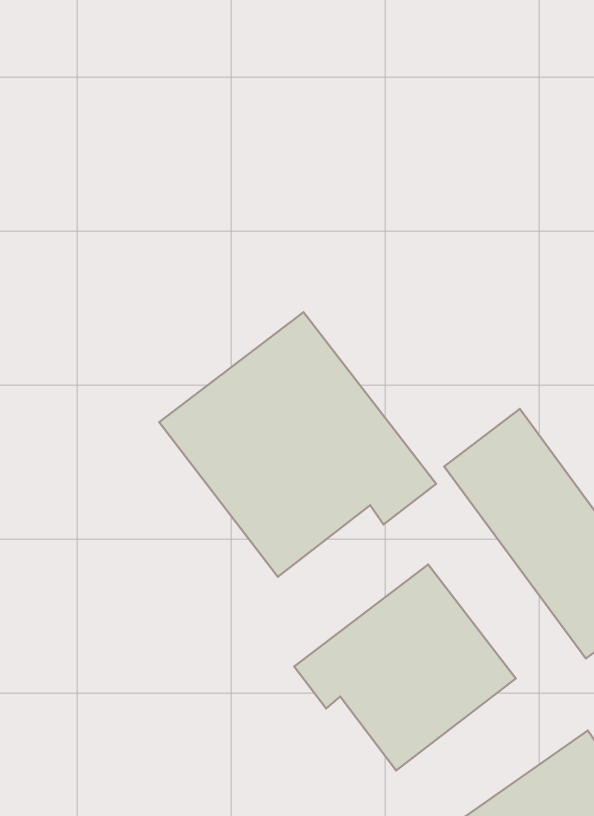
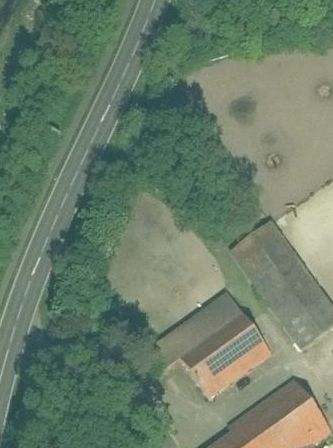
building: [159,312,436,577] -> none

